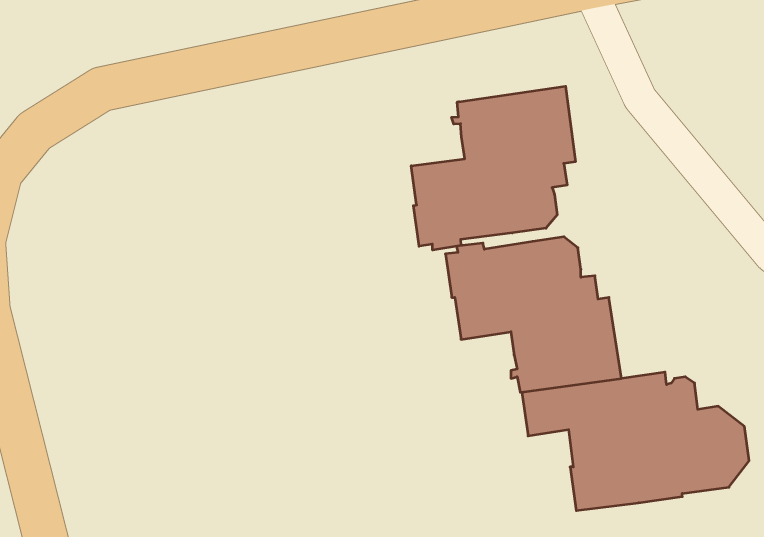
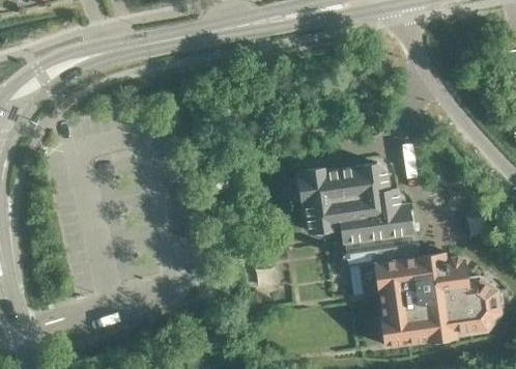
building: [411,86,575,250] -> none

